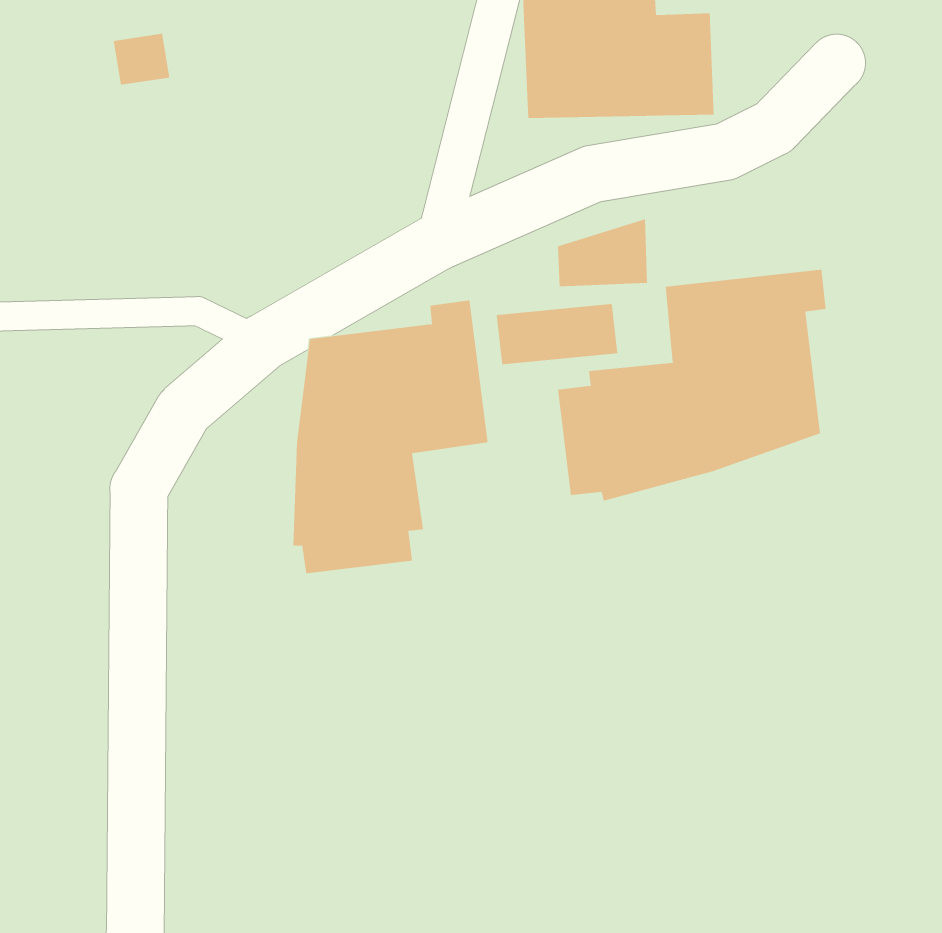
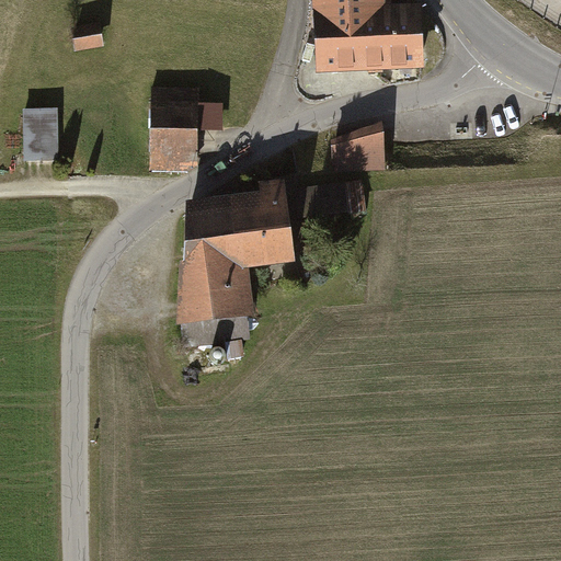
building: none -> [151,83,220,170]
building: none -> [24,107,60,160]
building: [558,269,826,501] -> none

